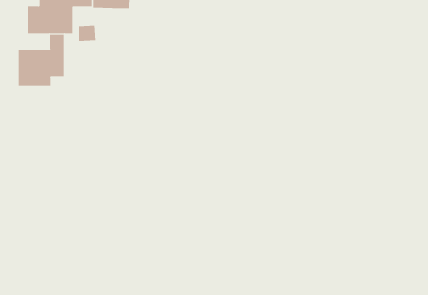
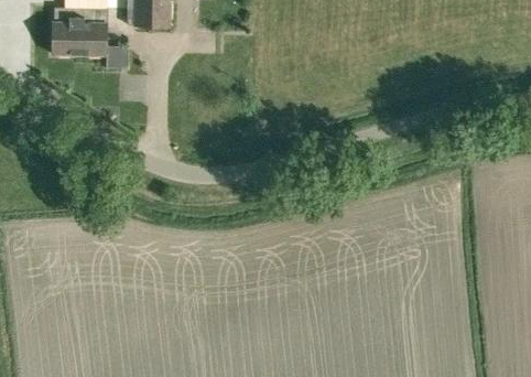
building: [18,34,64,87] -> none

